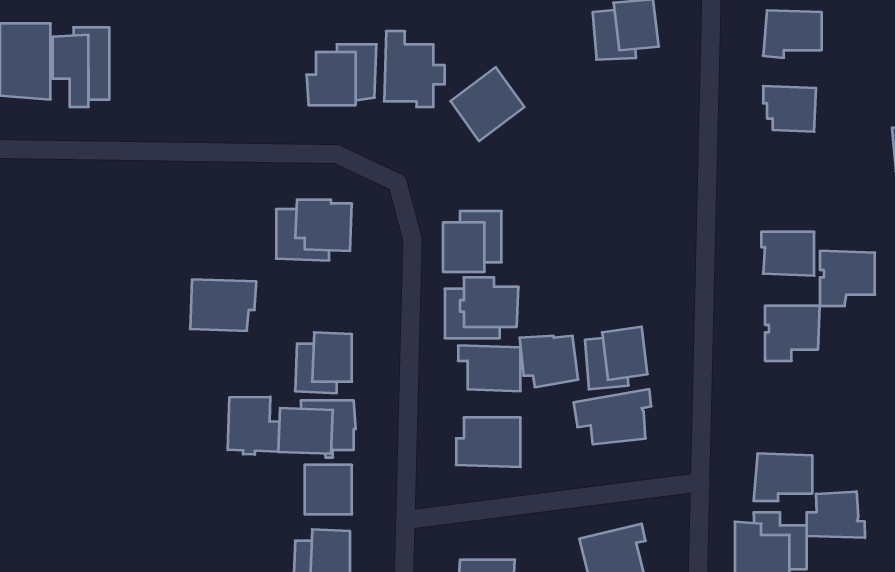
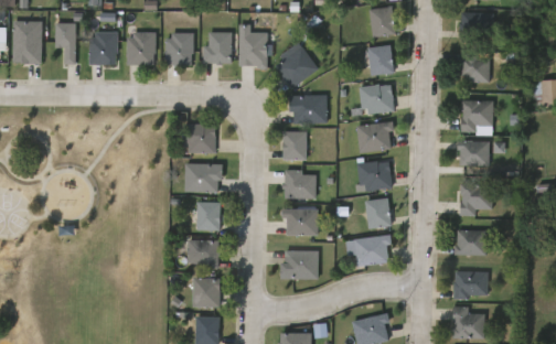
building: none -> [89,32,118,64]
building: none -> [127,32,156,65]
building: none -> [164,32,194,65]
building: none -> [363,43,396,75]
building: none -> [362,83,397,114]
building: none -> [289,93,328,121]
building: none -> [357,121,394,151]
building: [820,251,875,306] -> [463,99,495,131]
building: [190,280,256,331] -> [184,161,223,191]
building: [520,336,578,387] -> [357,160,392,190]
building: none -> [455,230,486,254]
building: [228,397,279,455] -> none
building: [807,491,865,538] -> none

